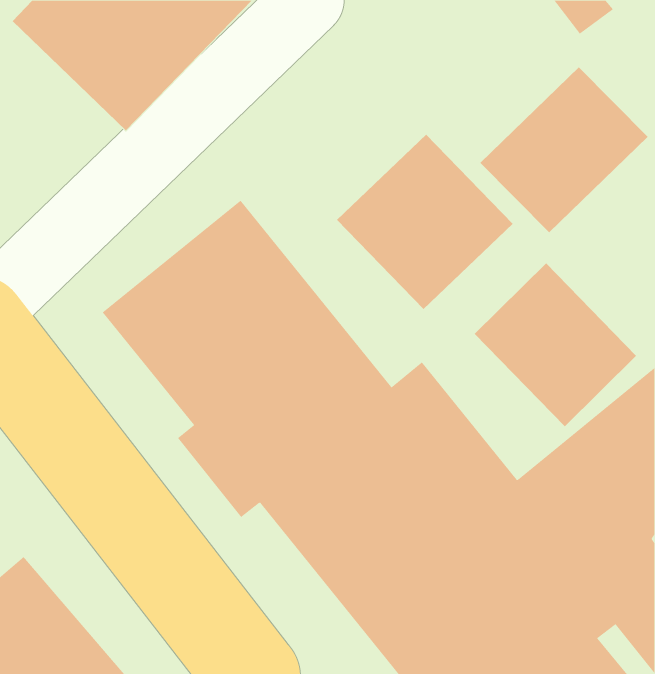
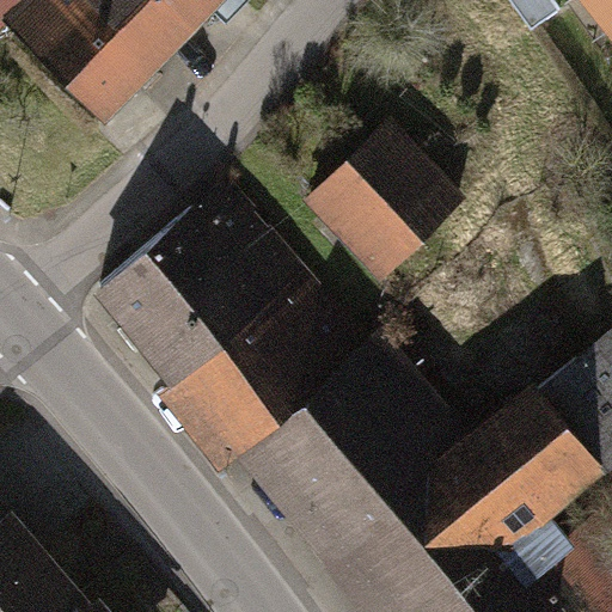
building: [479,66,648,233] -> none
building: [474,262,637,427] -> none

